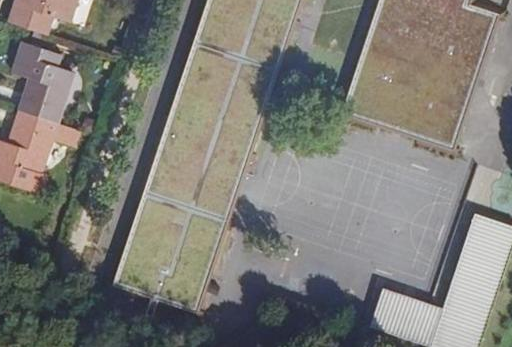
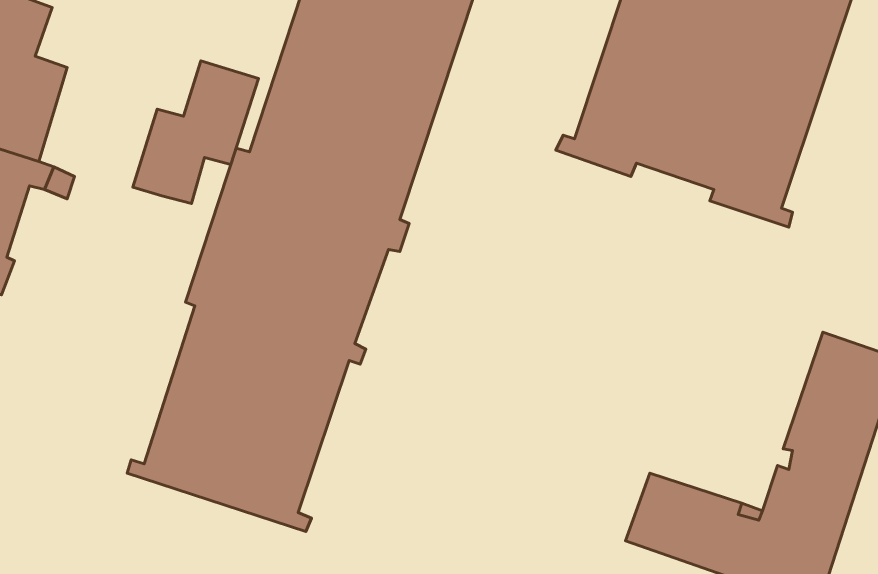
building: none -> [133,61,258,203]

